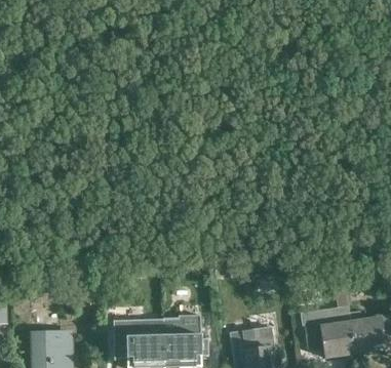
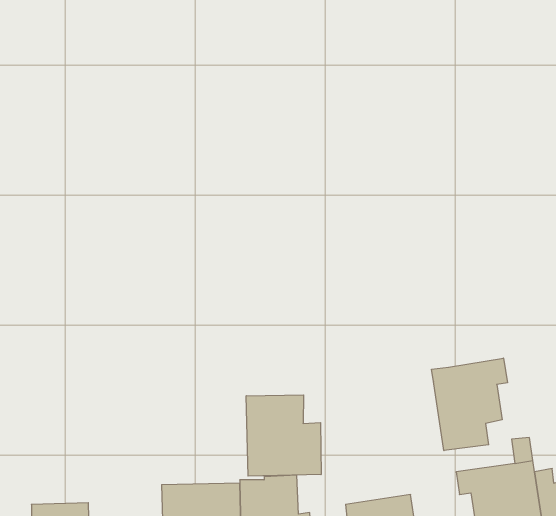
building: none -> [432,358,507,451]
building: none -> [246,395,321,476]

